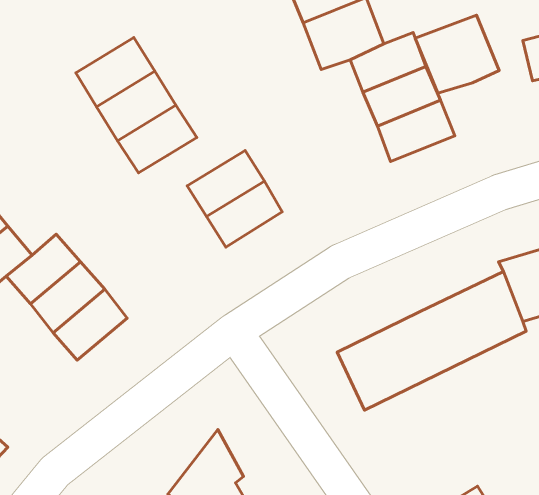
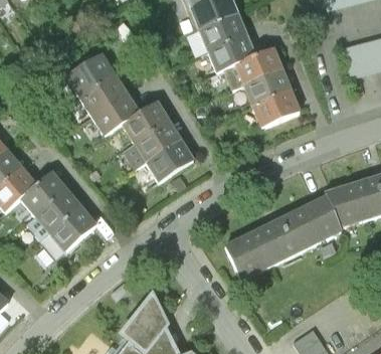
building: [415,15,499,93] -> none
building: none -> [121,101,169,142]

